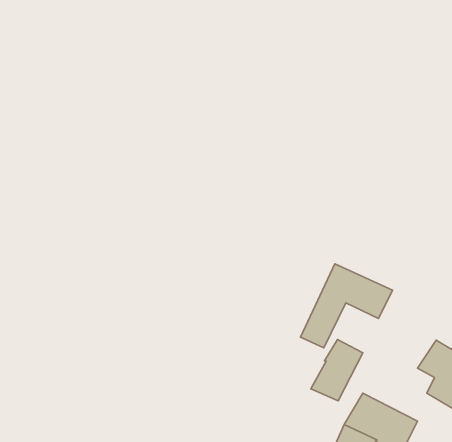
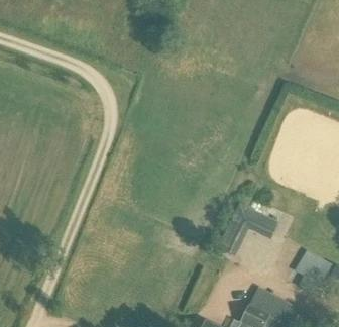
building: [311,340,363,401] -> none

